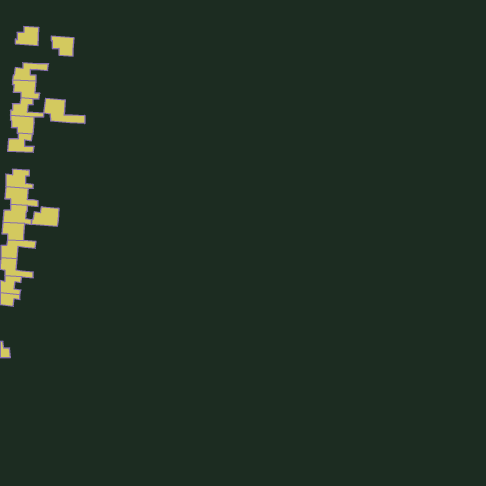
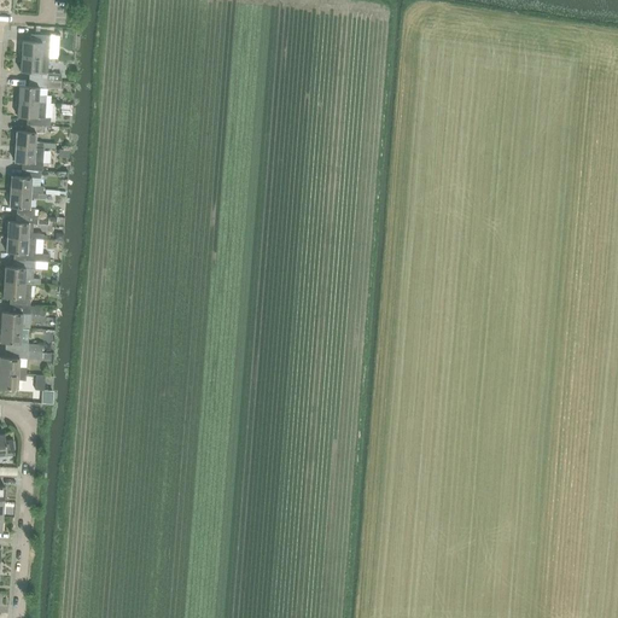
building: [51,36,74,56] -> [19,56,48,81]
building: [44,98,85,124] -> none
building: none -> [10,192,46,216]
building: [31,207,59,226] -> none

